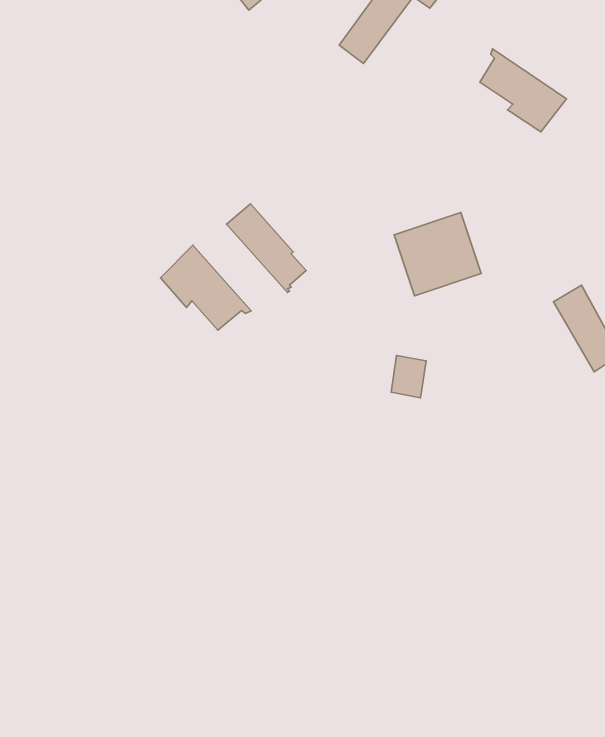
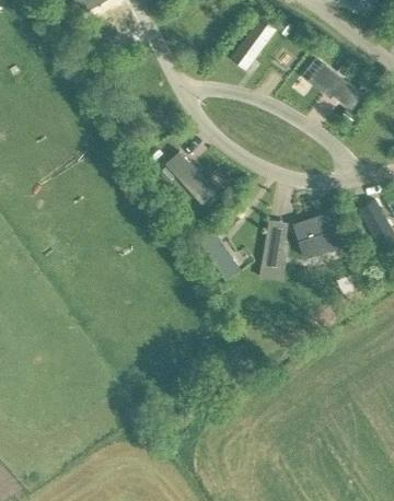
building: [394,213,481,296] -> [292,210,344,259]
building: [161,245,251,330] -> none
building: none -> [201,233,241,280]

